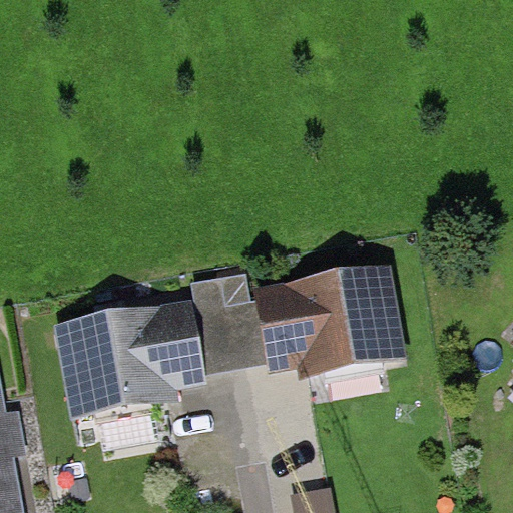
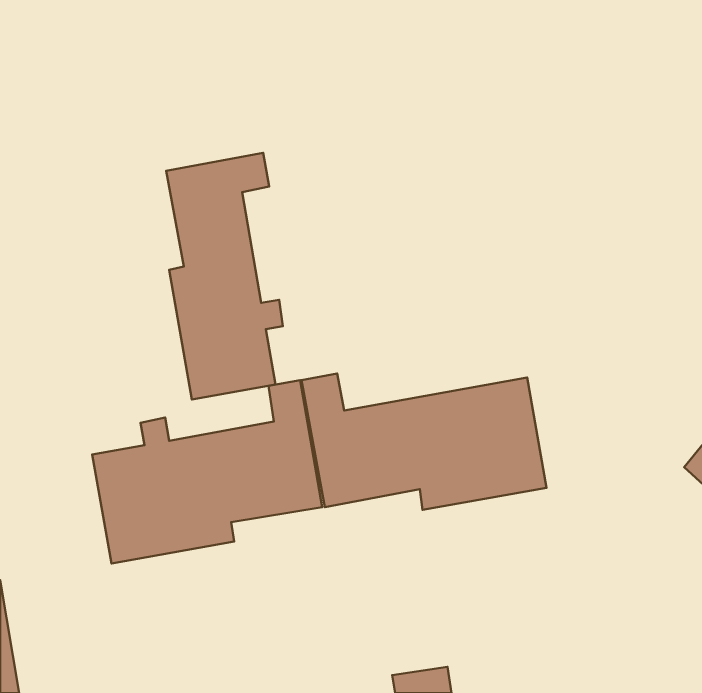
building: none -> [166,153,283,399]

